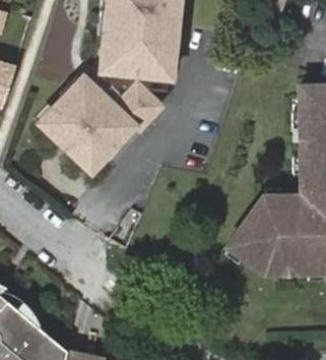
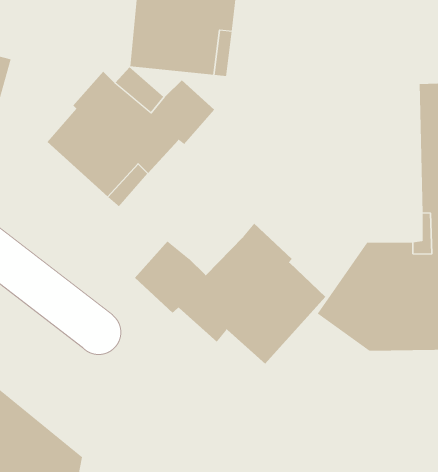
building: none -> [134,223,326,364]

